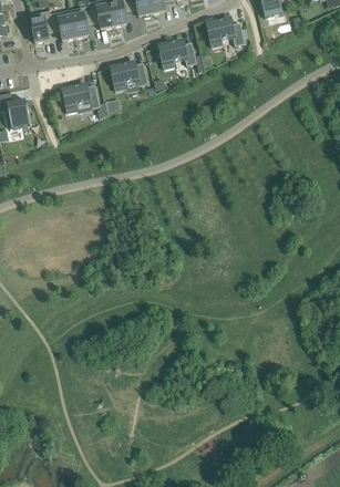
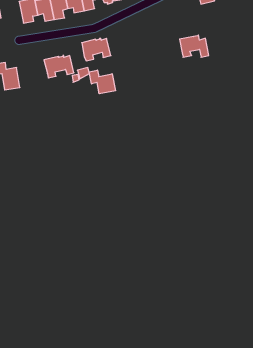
building: [207,18,245,46] -> [180,35,209,57]
building: [158,40,197,69] -> none
building: none -> [89,70,115,94]

